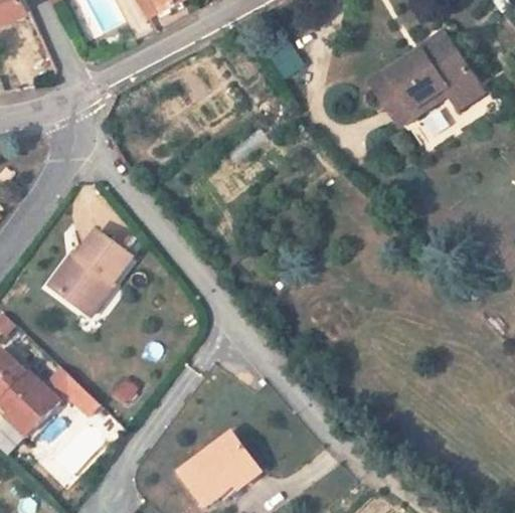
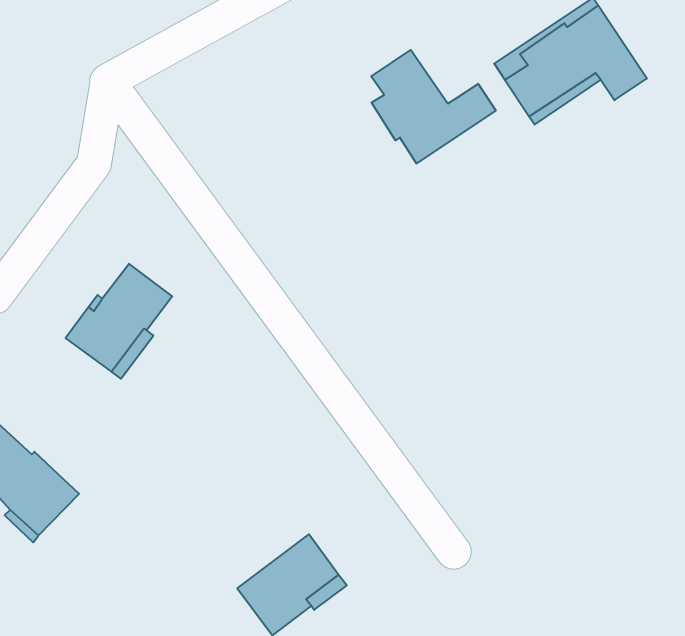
building: none -> [371,50,496,164]
building: [44,369,99,414] -> none

